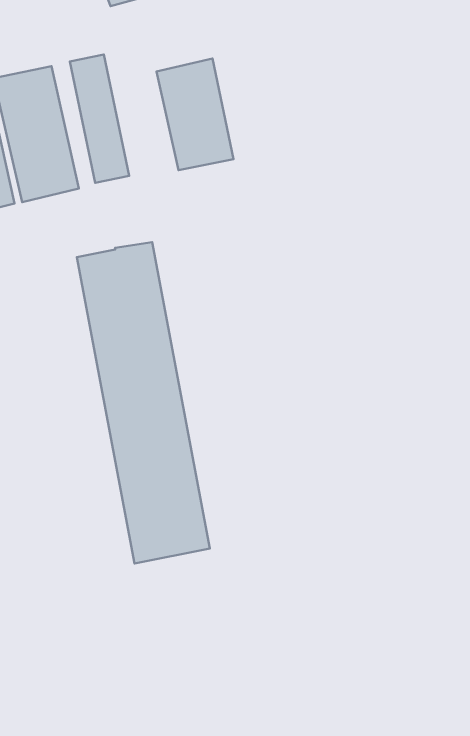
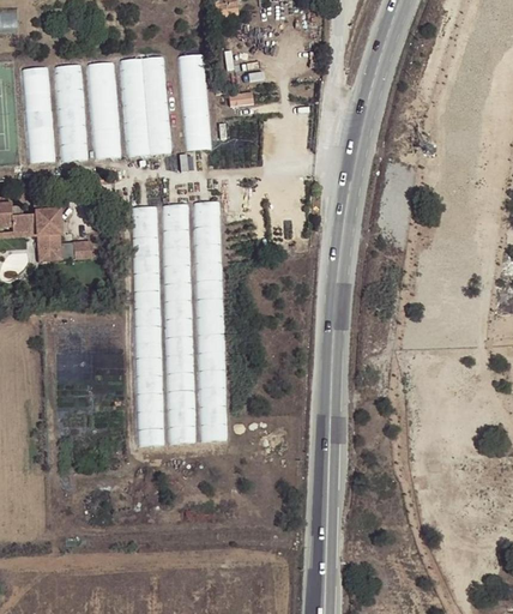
building: [156,59,233,170] -> none
building: none -> [132,206,164,445]

